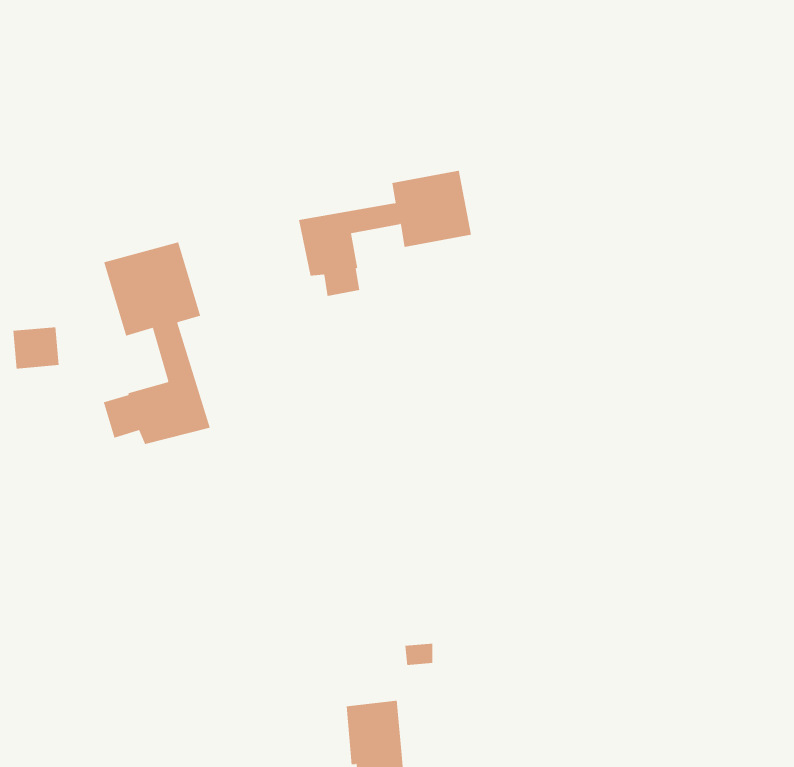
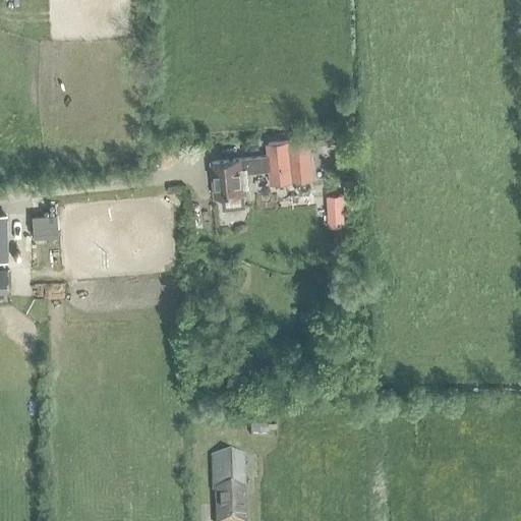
building: [103,242,211,445] -> none
building: none -> [327,195,345,228]

